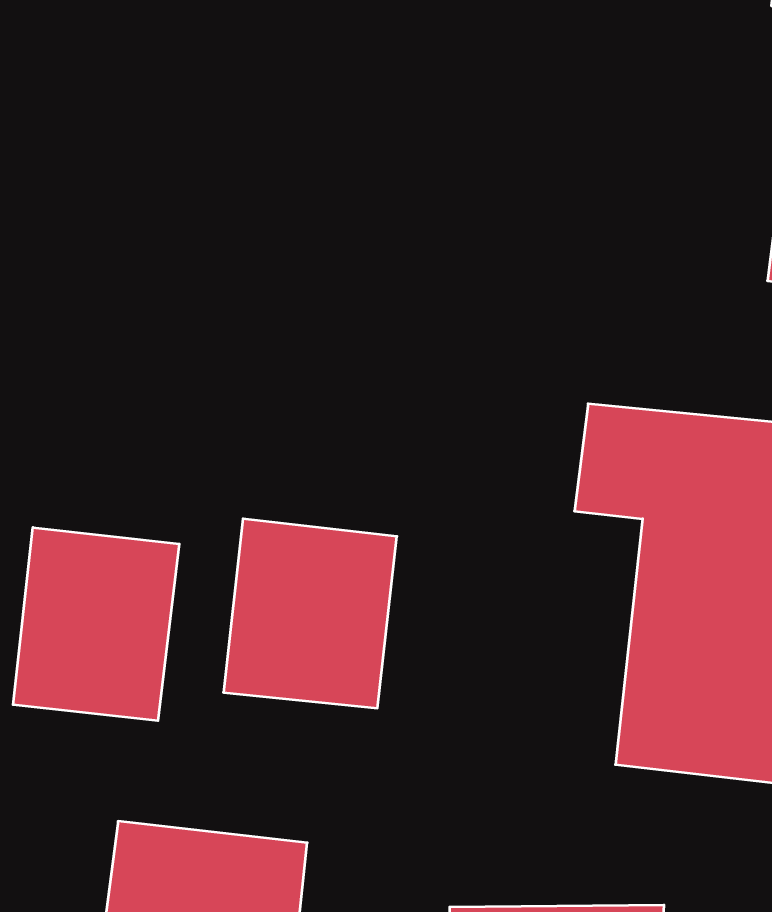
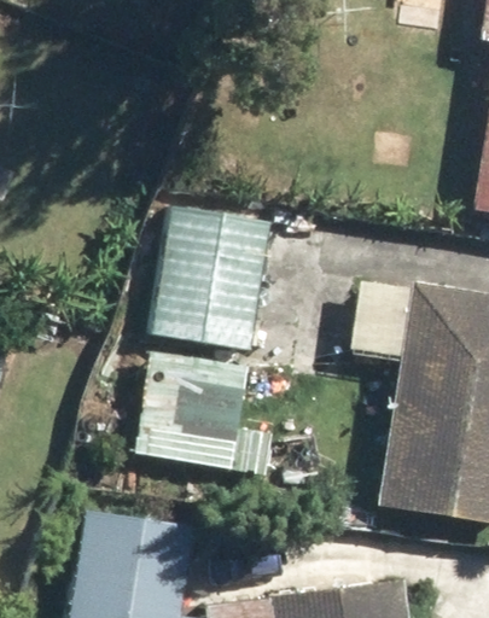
building: none -> [149,206,272,349]
building: [13,527,179,721] -> none

